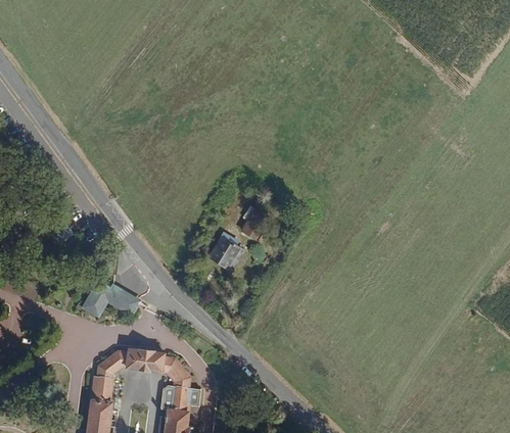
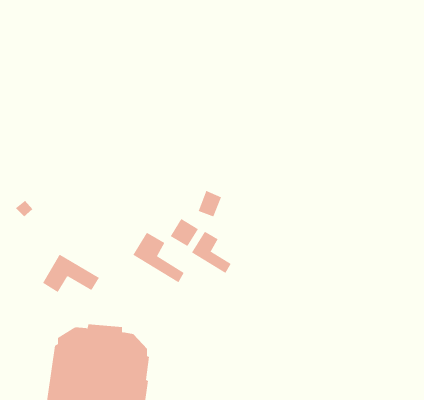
building: none -> [191,231,231,274]
building: none -> [132,232,185,283]

